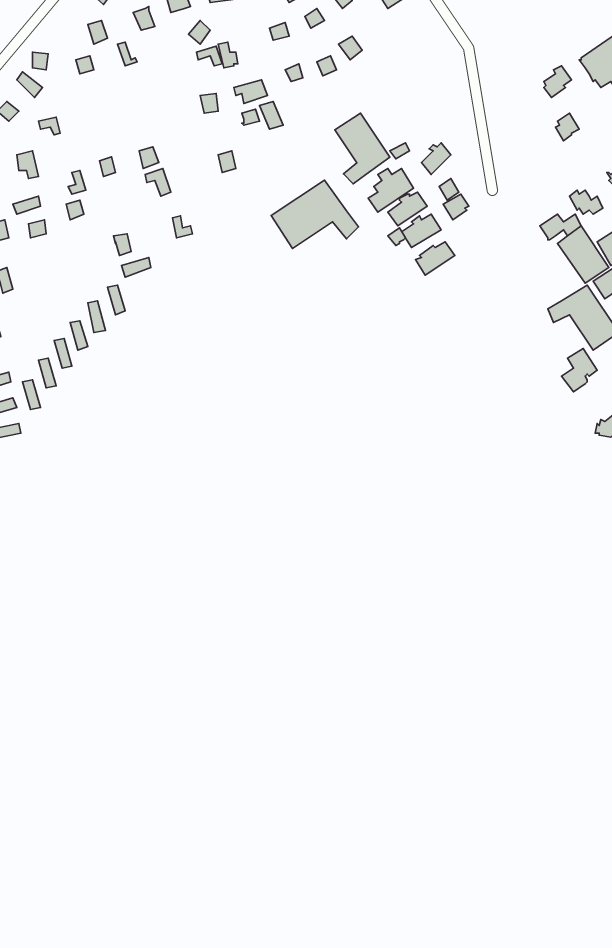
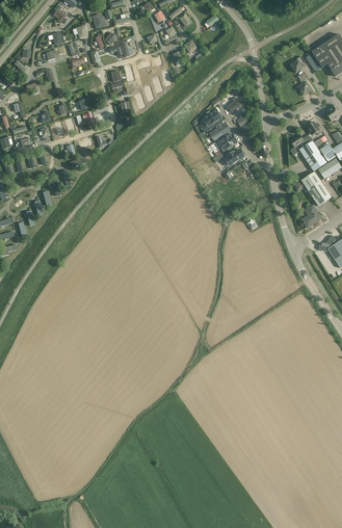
building: [335,113,390,184] -> none
building: [271,180,359,249] -> none

